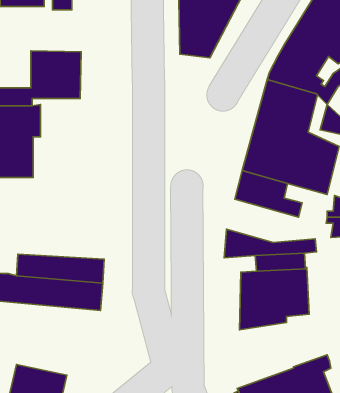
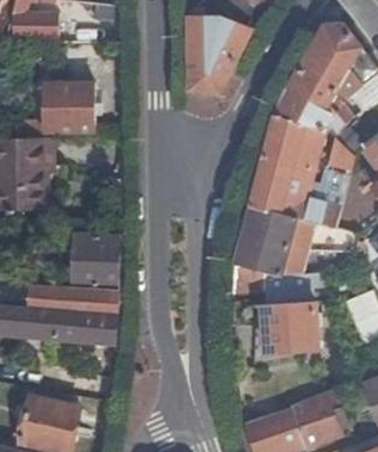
building: none -> [236,231,308,274]
building: none -> [70,234,117,287]

